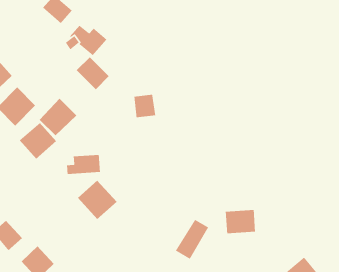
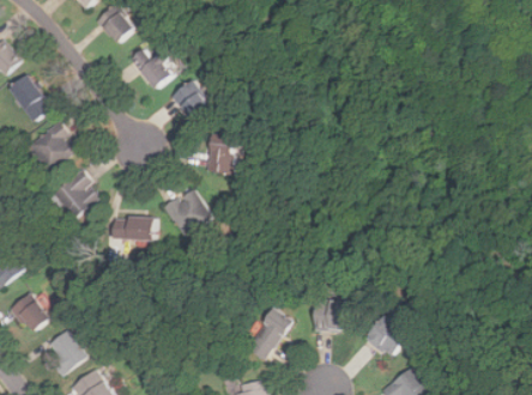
building: [76,56,110,90] -> [170,79,213,123]
building: [39,98,77,136] -> none
building: [77,180,117,220] -> [163,186,214,237]
building: none -> [364,315,407,358]

